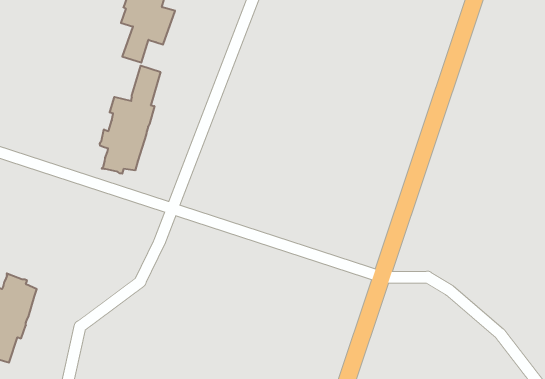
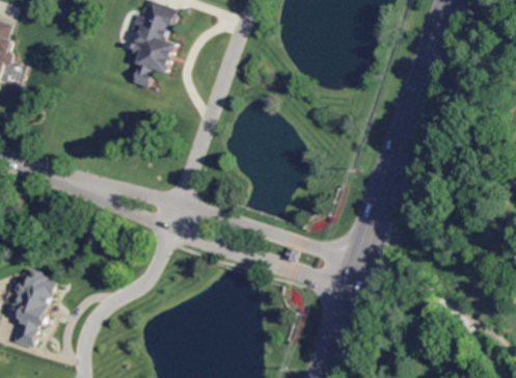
building: [100,66,160,174] -> none

